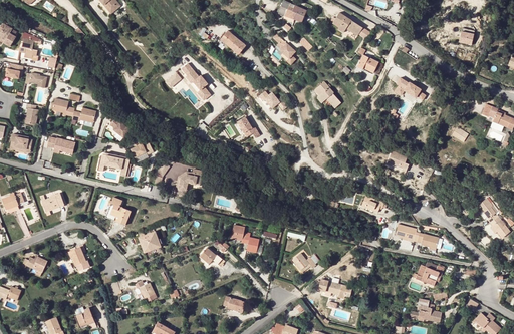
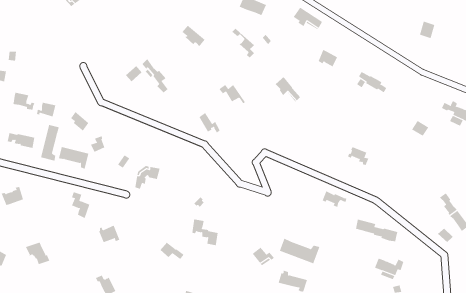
building: none -> [40,124,60,161]
building: none -> [279,238,320,264]

